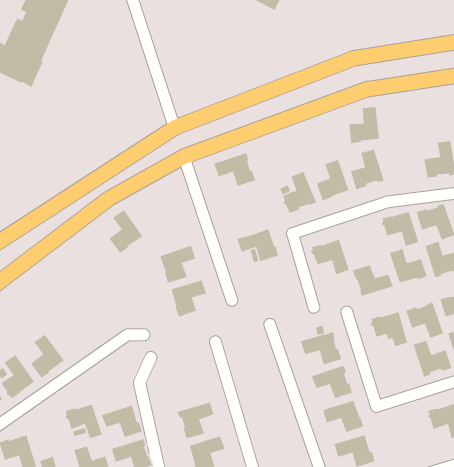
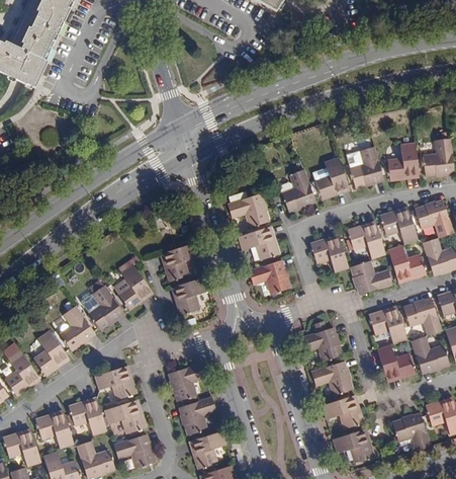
building: [349,106,380,144] -> [387,143,419,180]
building: [213,152,256,187] -> [226,192,269,227]
building: [109,209,144,254] -> [117,264,152,309]
building: none -> [347,223,385,258]
building: none -> [248,259,290,294]
building: none -> [88,285,123,330]
building: none -> [59,305,94,350]
building: none -> [376,344,415,380]
building: none -> [168,363,204,401]
building: none -> [94,366,135,399]
building: none -> [34,411,73,448]
building: none -> [392,413,430,450]

